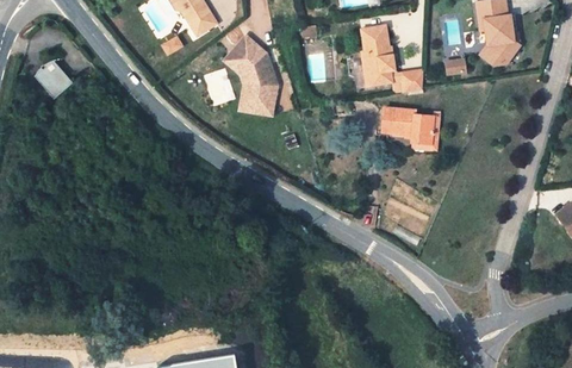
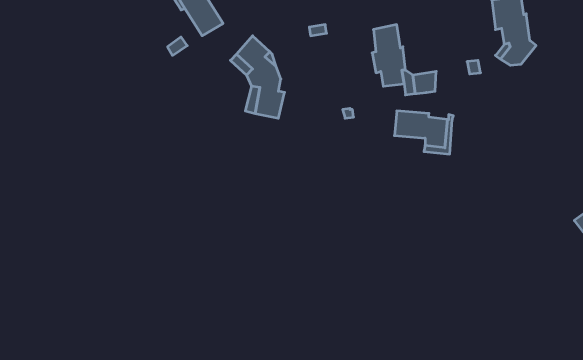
building: [33,61,72,100] -> none

